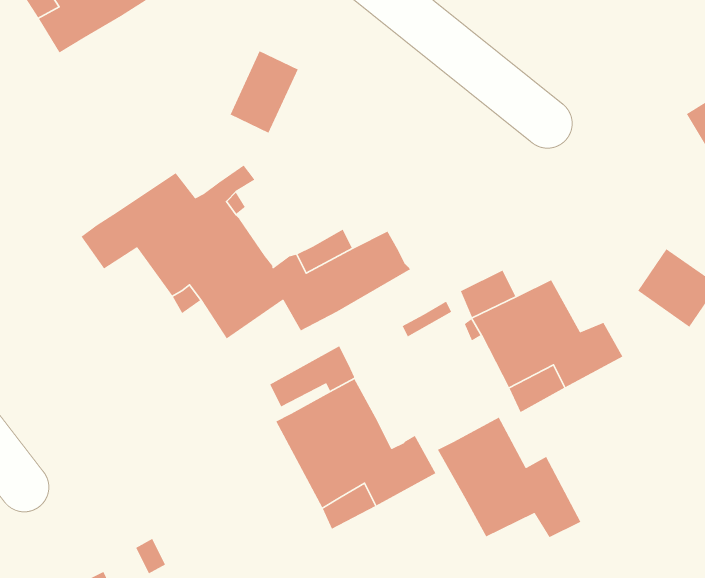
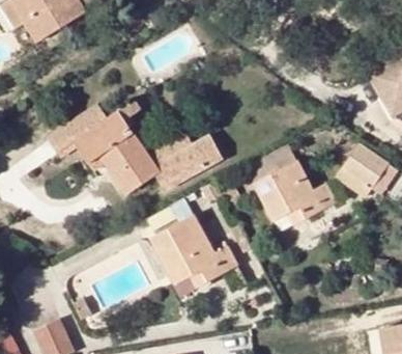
building: [229,50,299,134] -> none
building: [437,417,581,538] -> none

